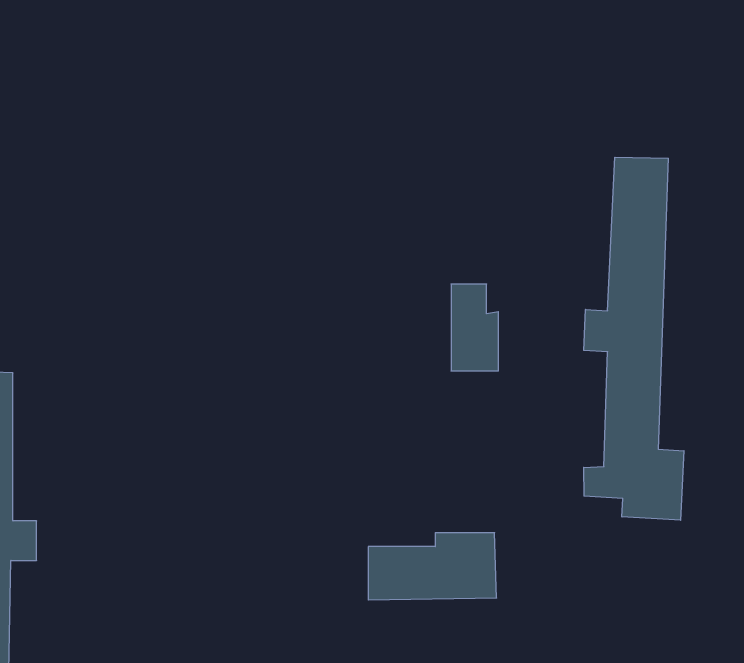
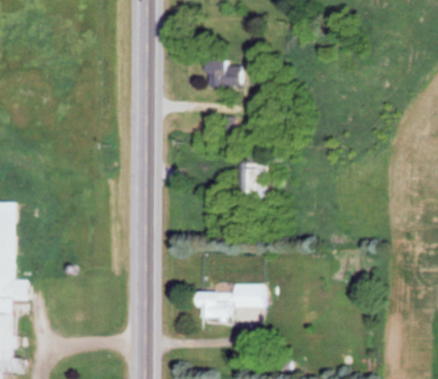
building: none -> [206,61,241,88]
building: [584,157,684,520] -> none

